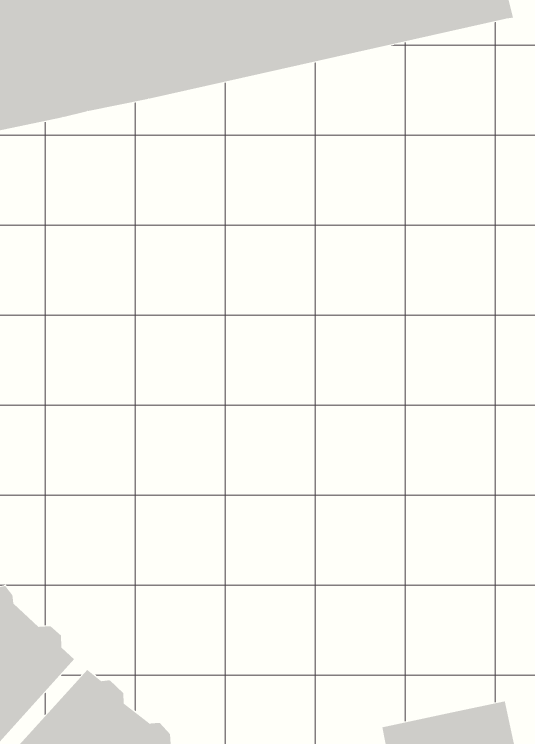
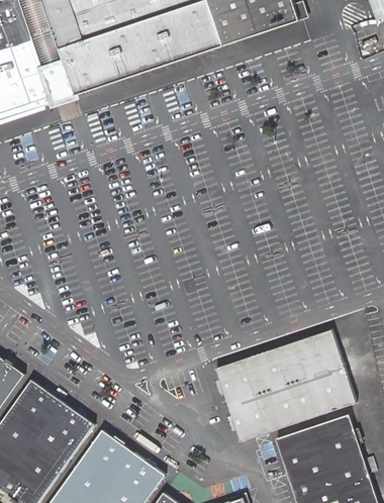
building: none -> [214,335,354,445]

